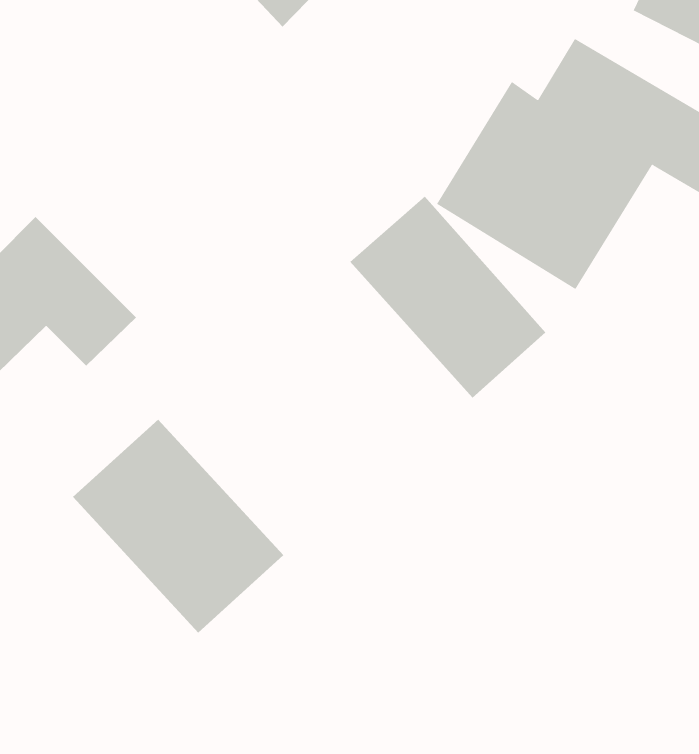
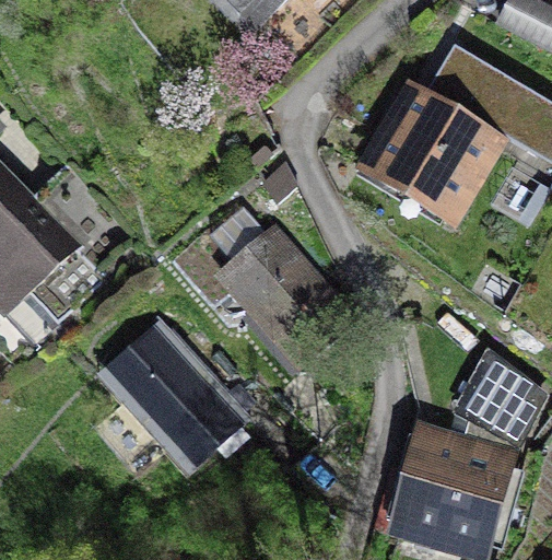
building: [350,196,546,399] -> [214,225,354,370]
building: none -> [386,368,540,549]

